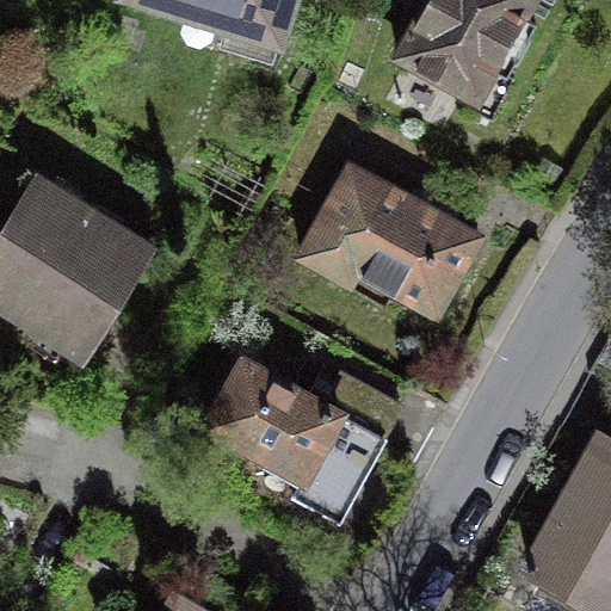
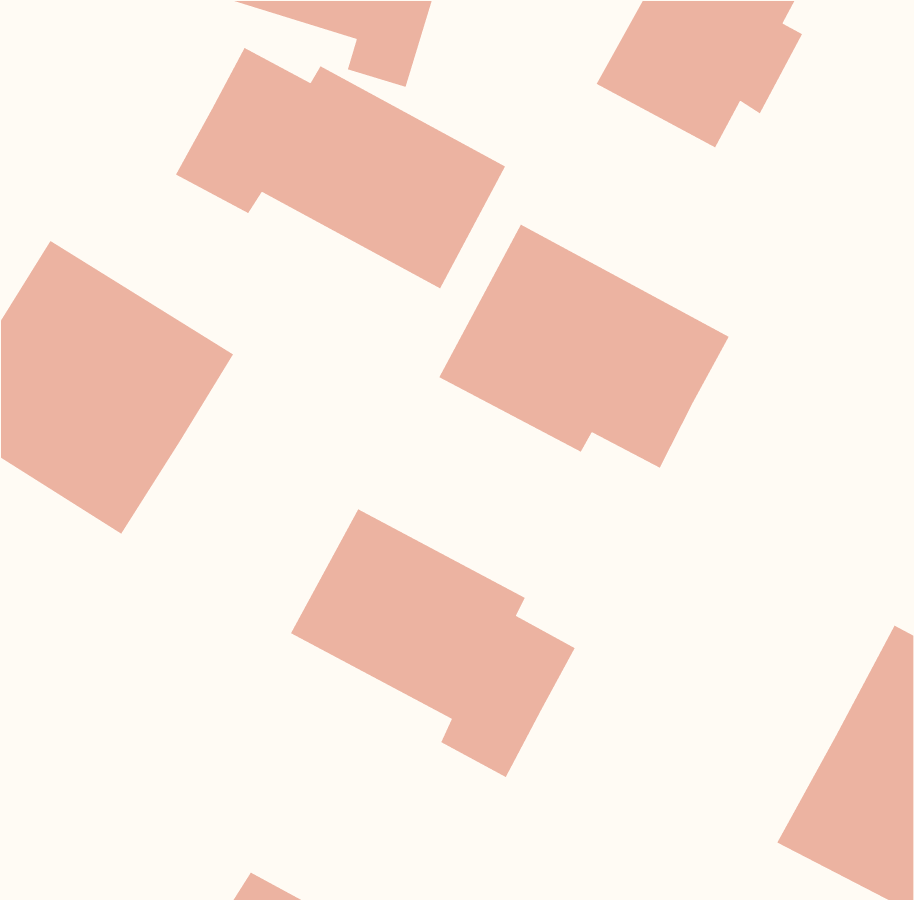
building: none -> [175,47,506,290]

